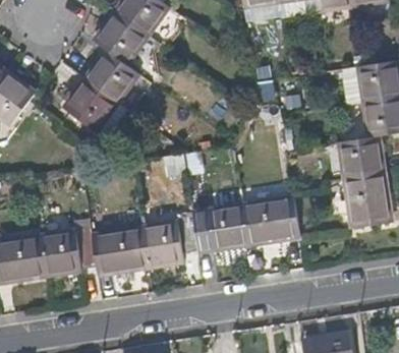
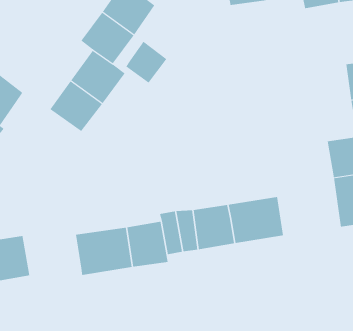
building: none -> [125,41,167,84]
building: [36,228,93,275] -> none

